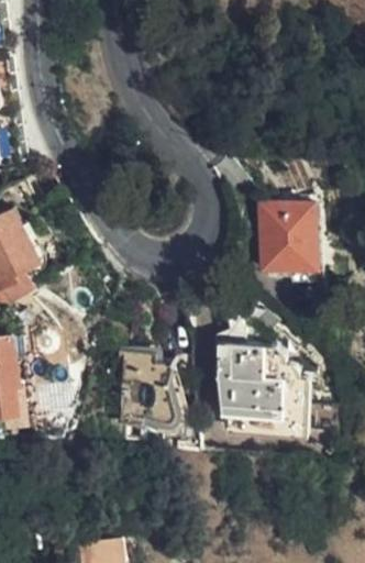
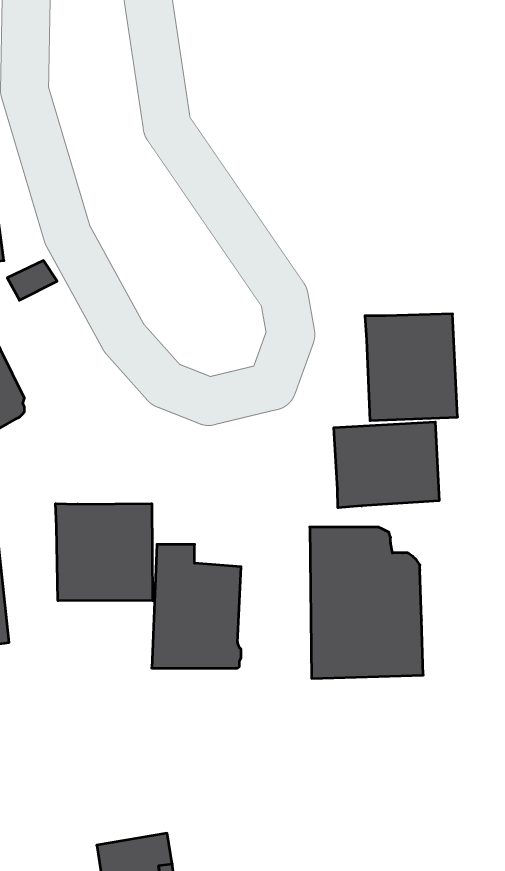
building: none -> [334,422,439,508]
building: none -> [56,504,153,601]

